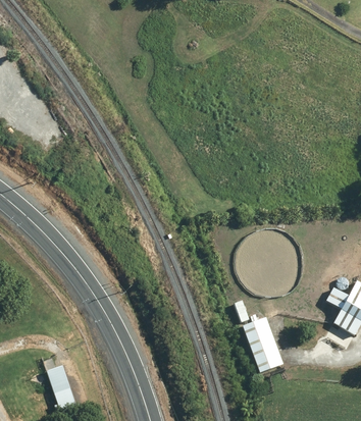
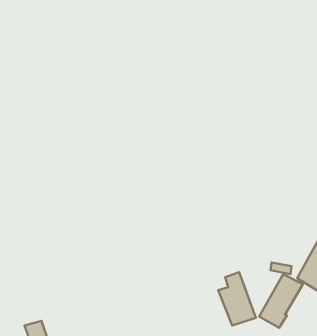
building: none -> [259,274,303,328]

